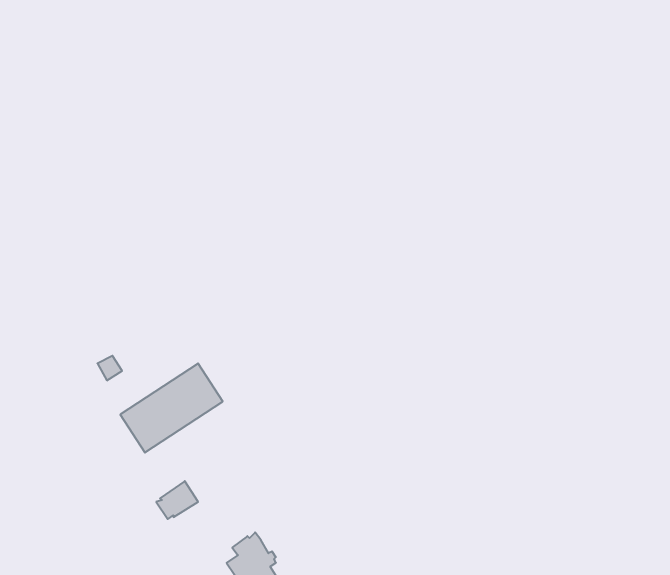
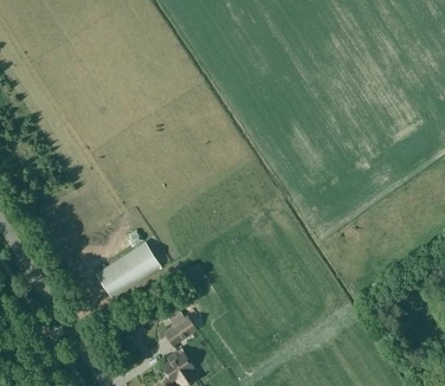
building: none -> [163,304,195,346]

